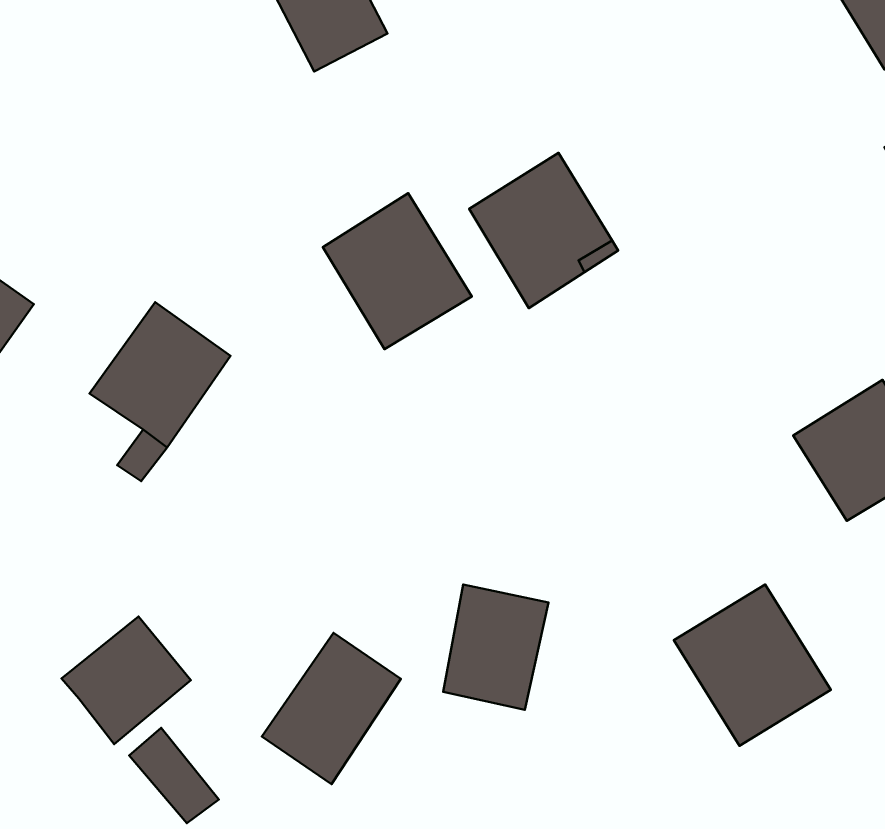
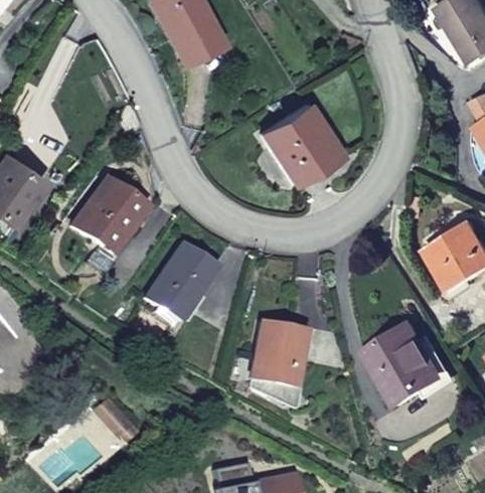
building: [323,193,472,349] -> none
building: [62,616,191,744] -> none
building: [262,633,401,784] -> [144,244,214,321]

